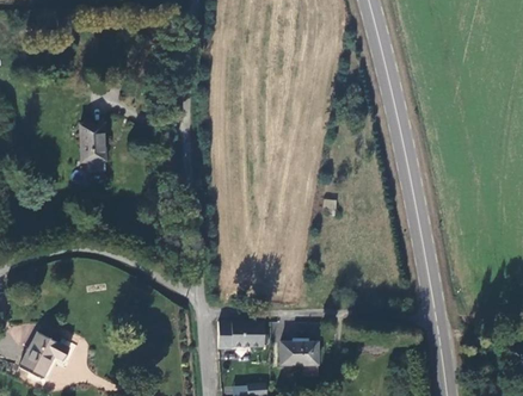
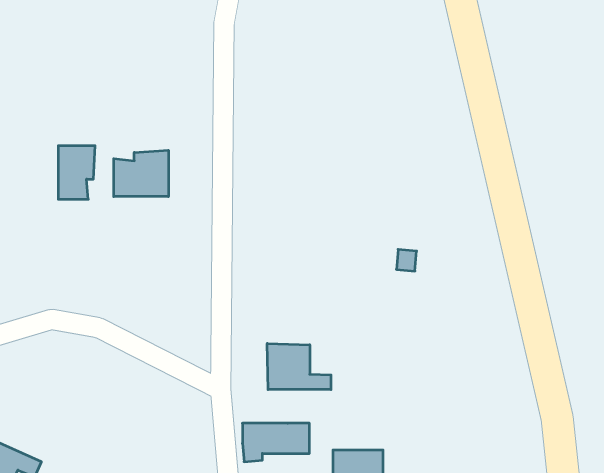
building: none -> [114,150,168,197]
building: none -> [267,343,331,390]

